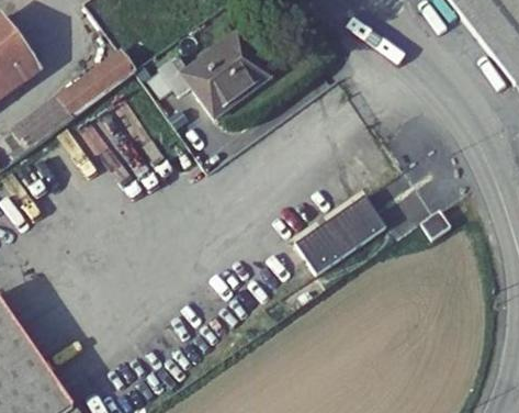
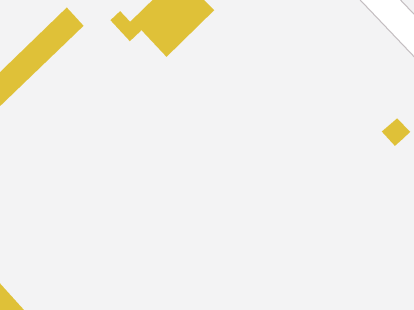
building: [295,192,386,272] -> none

